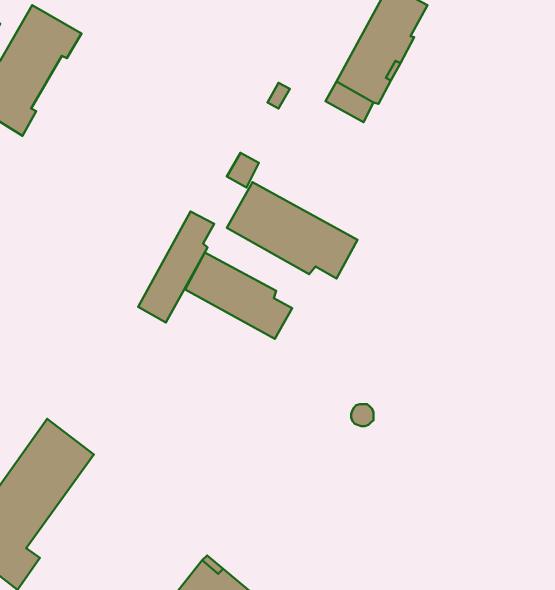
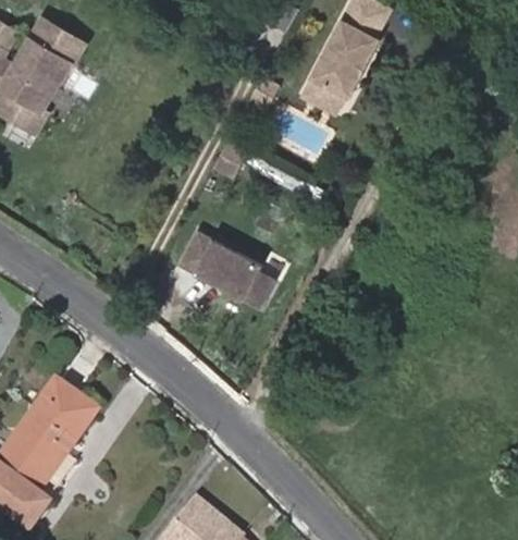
building: [227,182,358,279] -> none
building: [138,211,214,323] -> none

